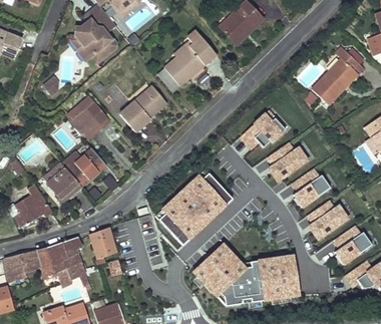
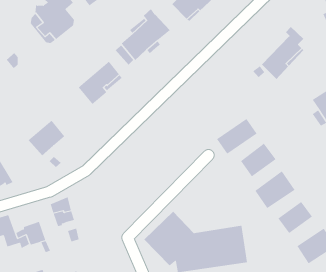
building: [65,100,108,137] -> none
building: [246,110,285,148] -> none
building: [47,166,82,202] -> none
building: [154,171,233,248] -> none
building: [47,238,81,265] -> none

